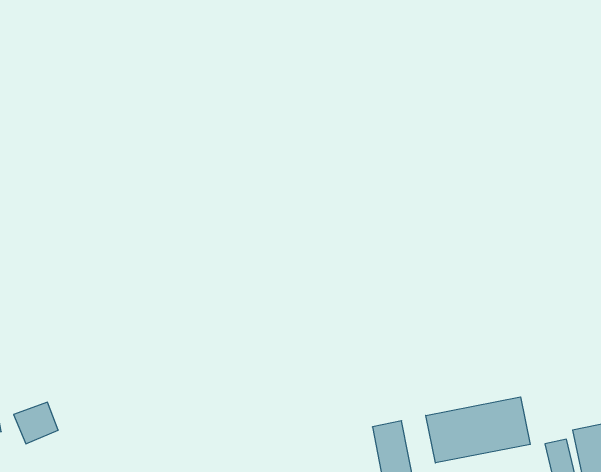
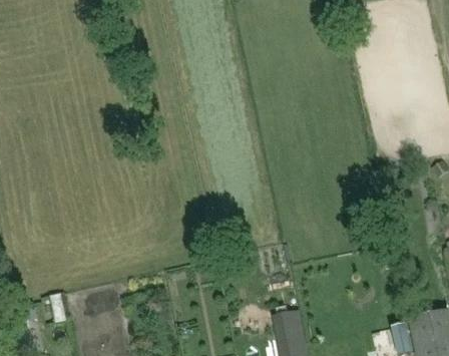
building: [426,397,530,463] -> none

